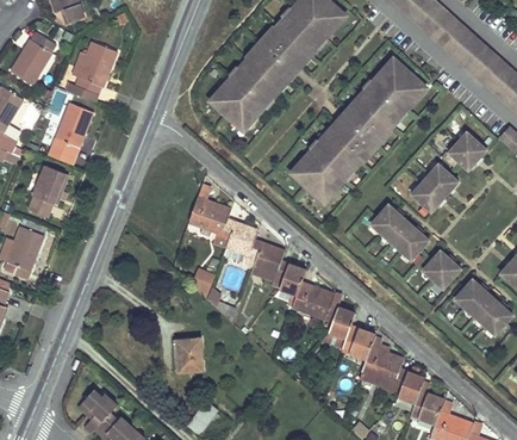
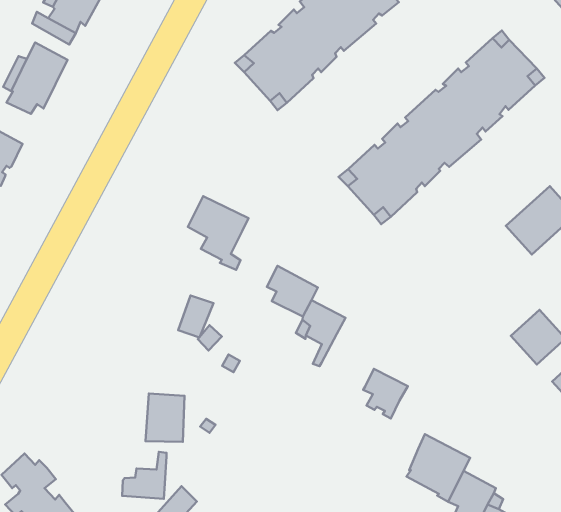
building: [370,204,429,260] -> none
building: [222,218,257,267] -> none
building: [293,283,334,317] -> none
building: [342,324,375,357] -> none
building: none -> [122,452,167,499]

